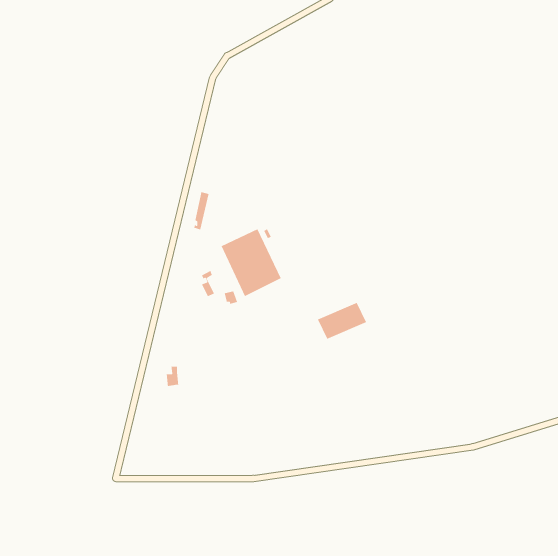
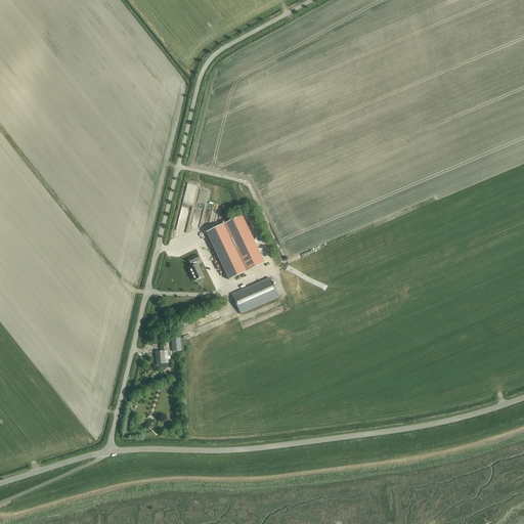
building: [317,302,367,340] -> [231,276,278,312]

